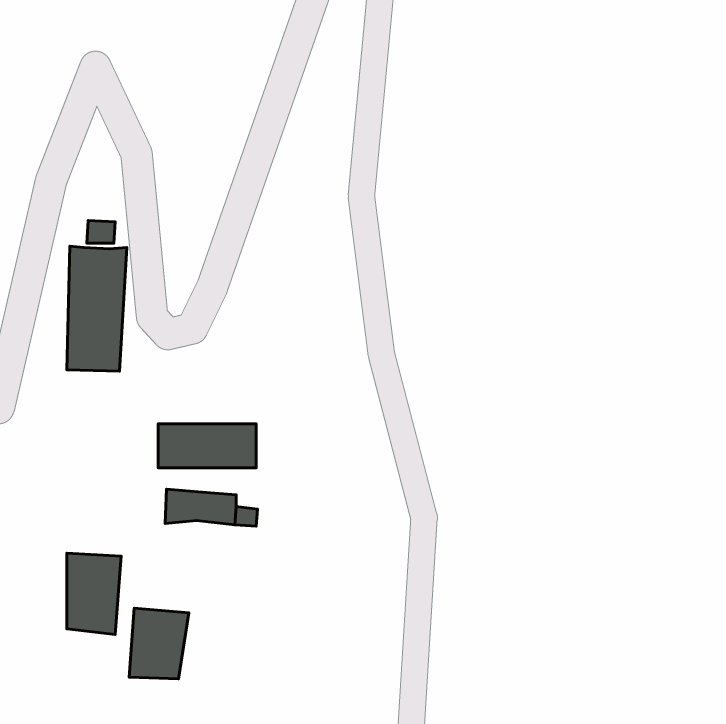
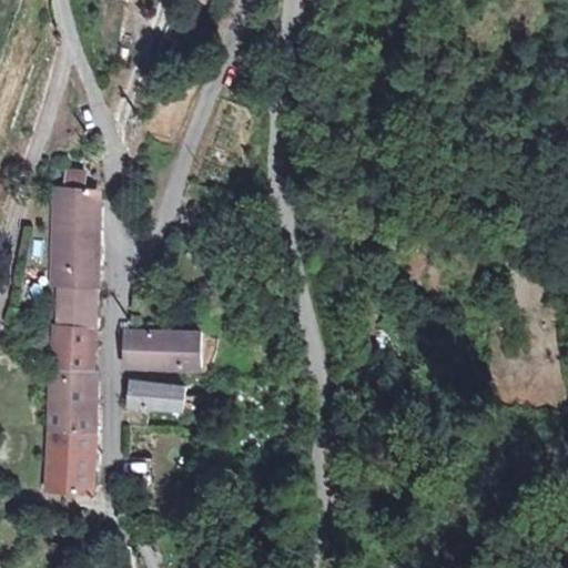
building: none -> [52,288,97,434]
building: [129,608,189,679] -> none

